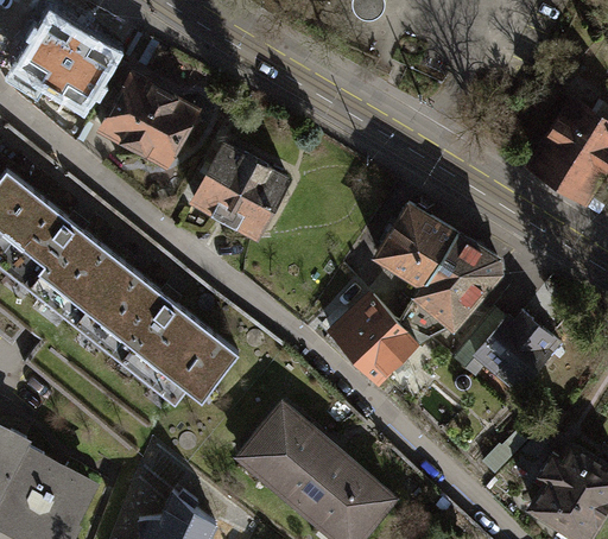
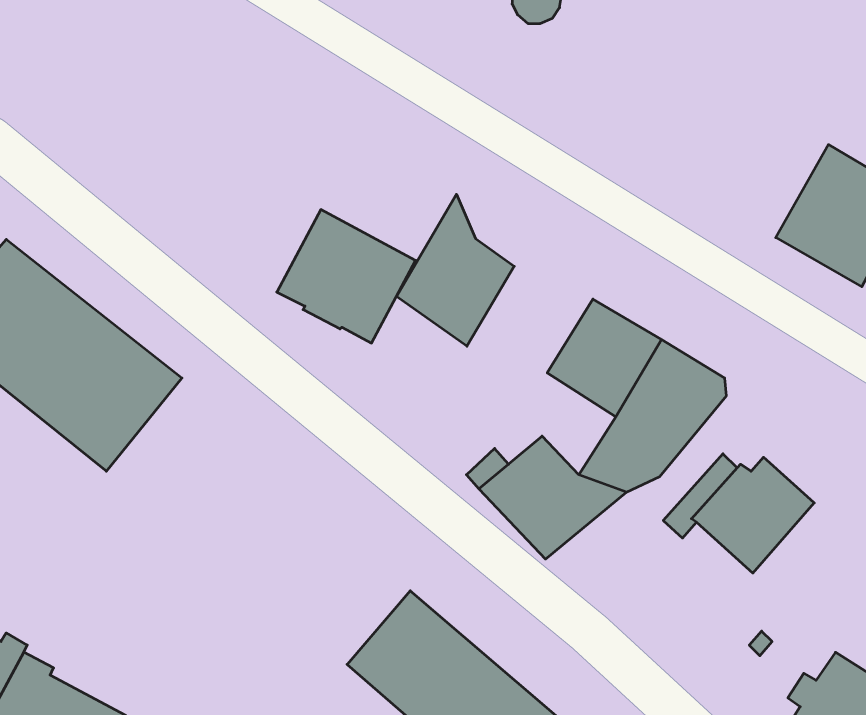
building: [18,24,116,116] -> none
building: [97,74,194,167] -> none
building: none -> [396,194,514,346]
building: [77,260,247,417] -> none

